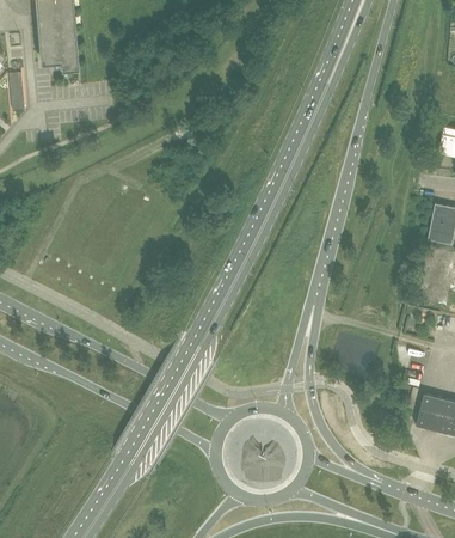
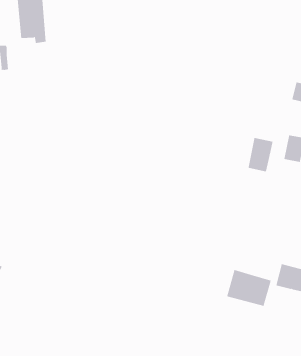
building: none -> [248,137,273,172]
building: none -> [227,269,272,307]

